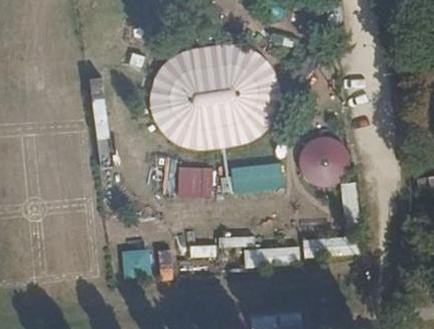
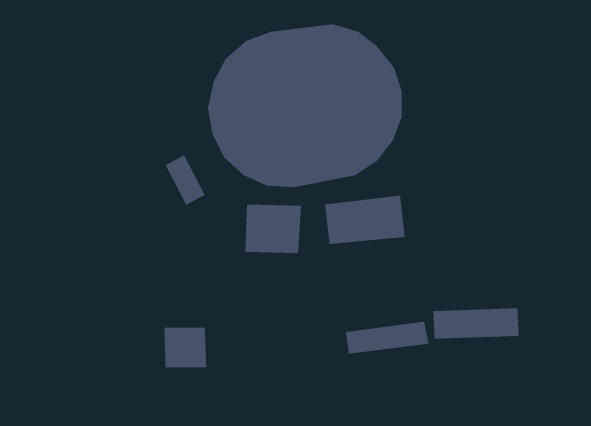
building: [302,135,352,186] -> none

